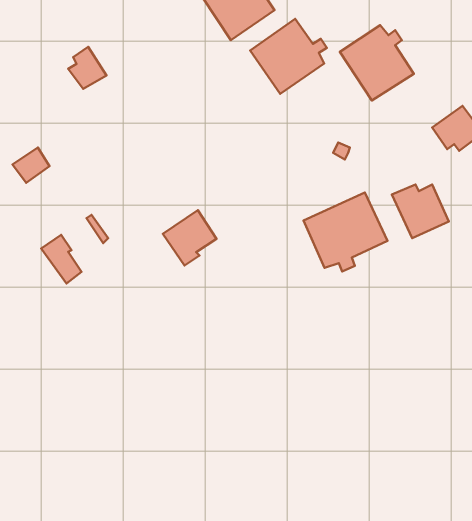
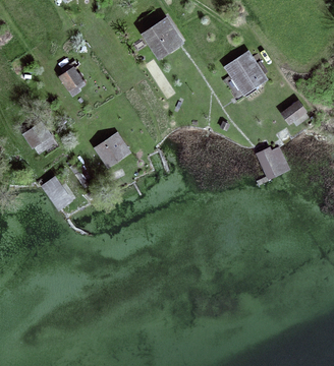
building: [250,19,327,94] -> none
building: [304,193,387,271] -> none
building: [163,210,216,266] -> [95,134,127,168]

